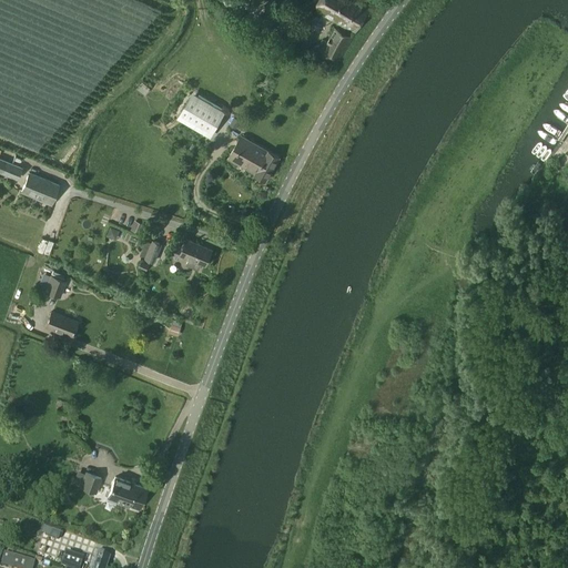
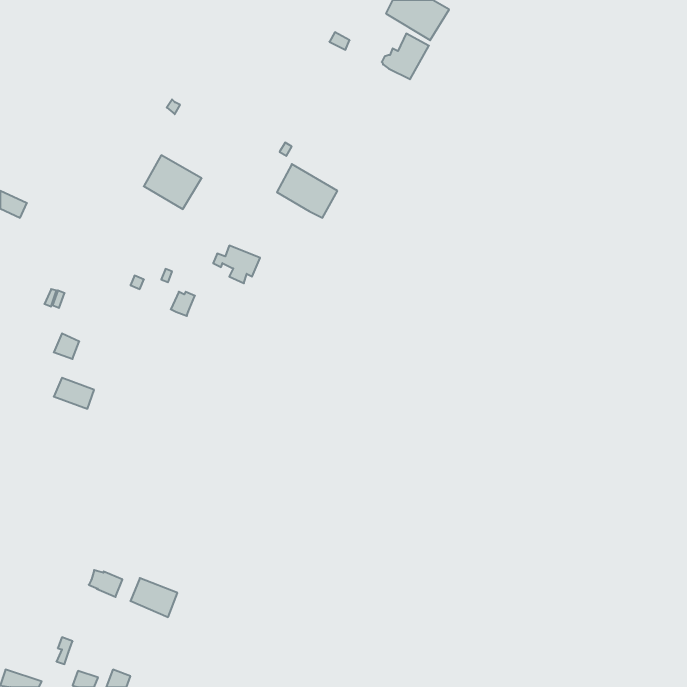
building: [178,93,225,138] -> [144,155,202,209]
building: [21,173,59,204] -> none
building: [173,240,212,271] -> [213,246,260,283]

